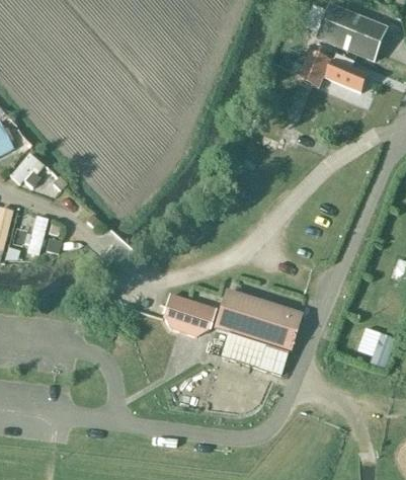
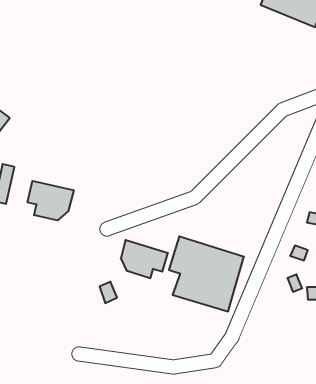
building: [303,51,370,89] -> none
building: none -> [28,181,74,220]

